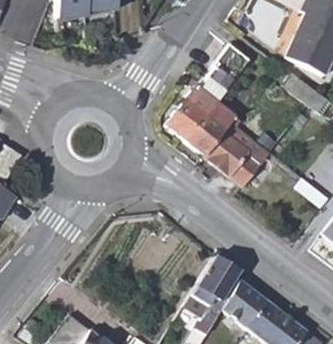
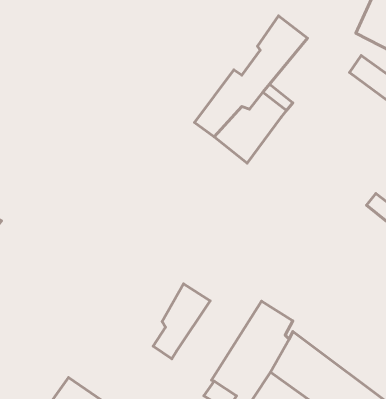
building: [205,118,270,184] -> none
building: none -> [153,284,210,359]

